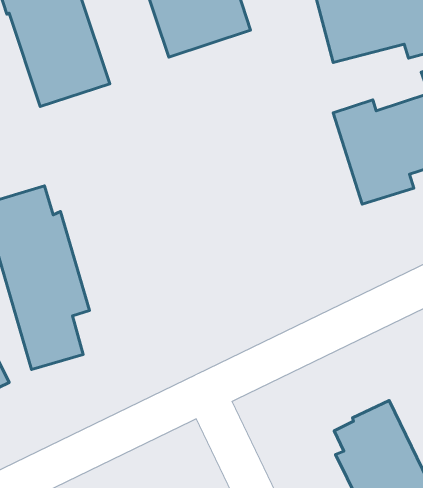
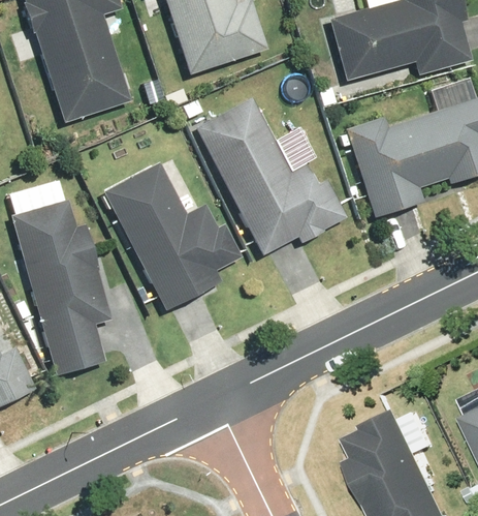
building: none -> [195,97,346,255]
building: none -> [103,161,243,310]

